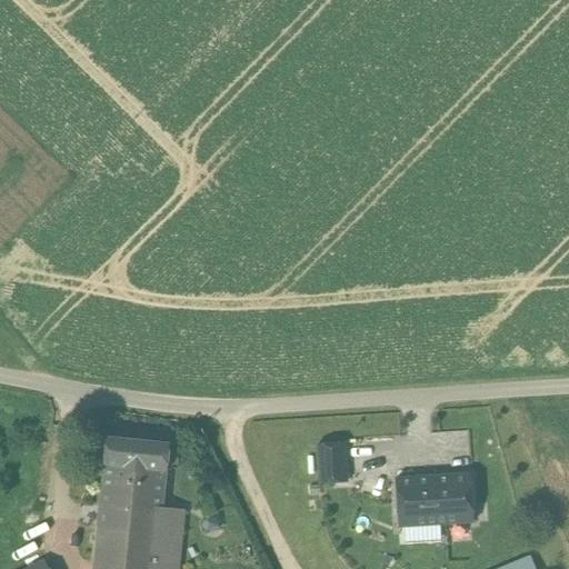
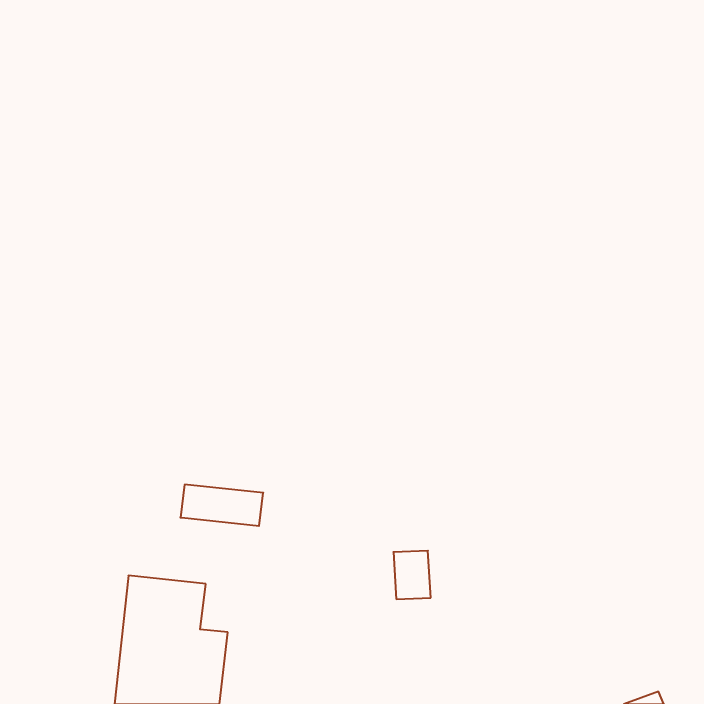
building: [103,437,170,470] -> [180,485,263,526]
building: [397,472,475,527] -> none

